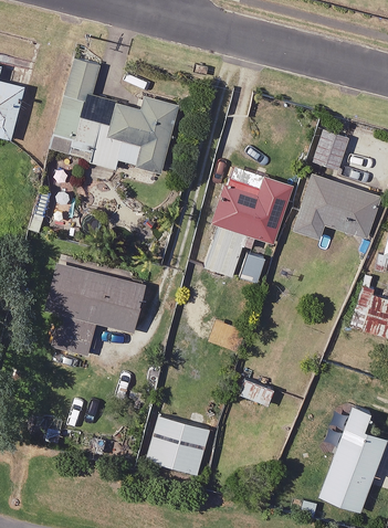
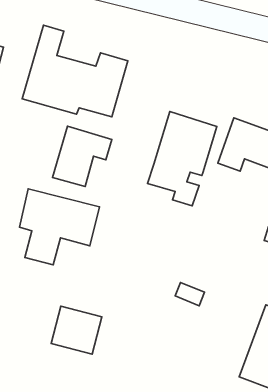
building: [313,131,349,171] -> none
building: none -> [53,126,112,187]
building: [146,415,209,475] -> [51,306,102,354]

